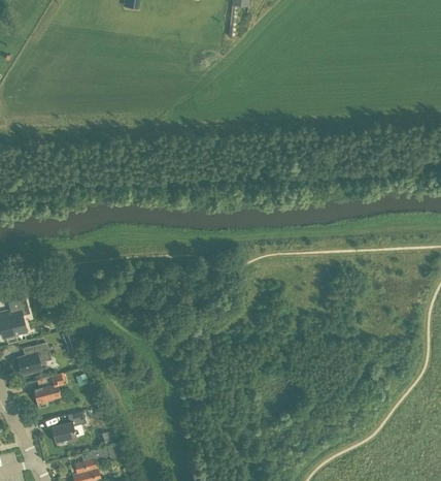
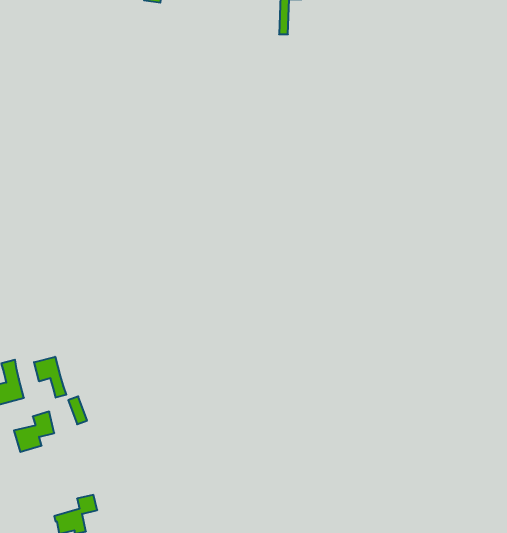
building: none -> [34,357,66,398]
building: [32,374,62,403] -> none

